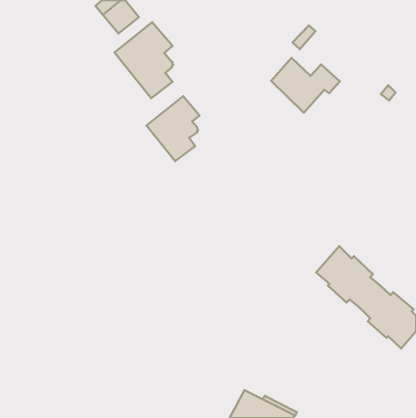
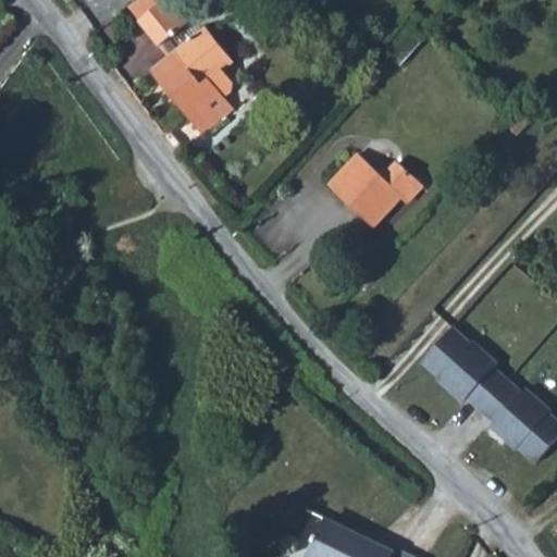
building: [271,58,340,113] -> [329,153,420,226]
building: [147,96,199,161] -> none

